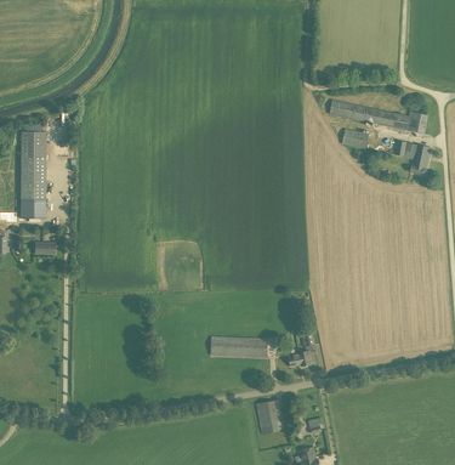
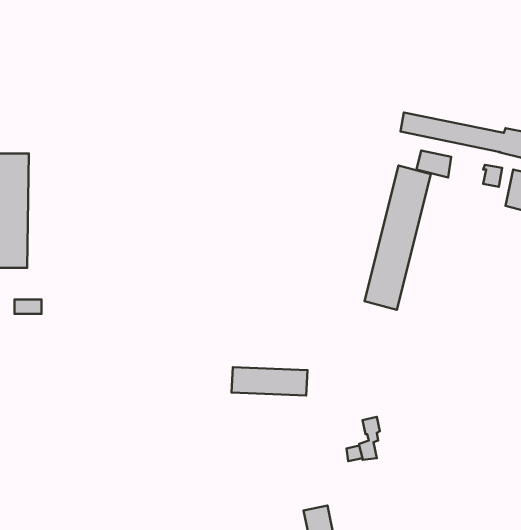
building: none -> [364,165,431,310]
building: [209,335,267,357] -> [231,367,308,396]

